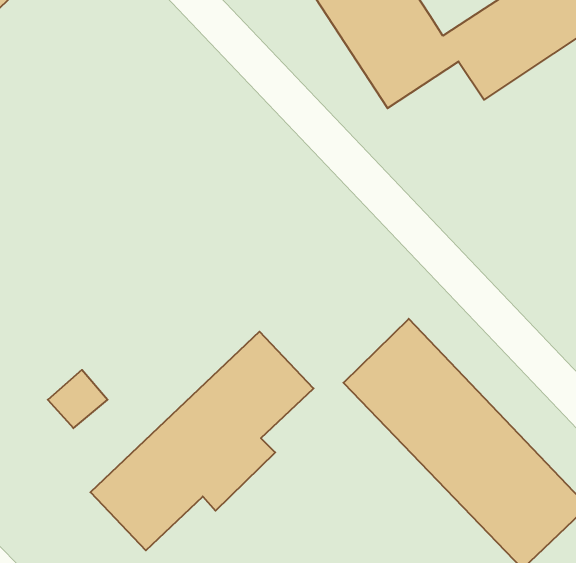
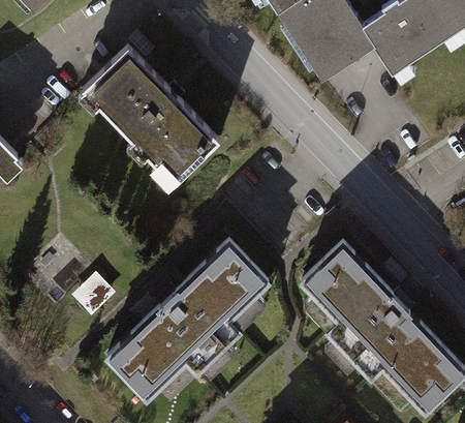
building: none -> [83,48,221,187]

